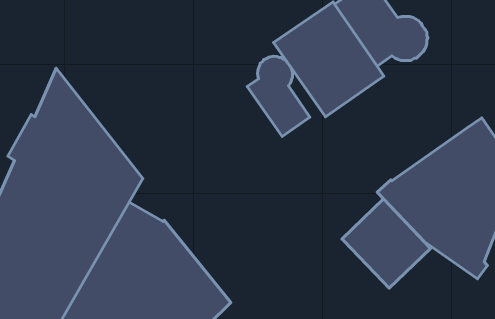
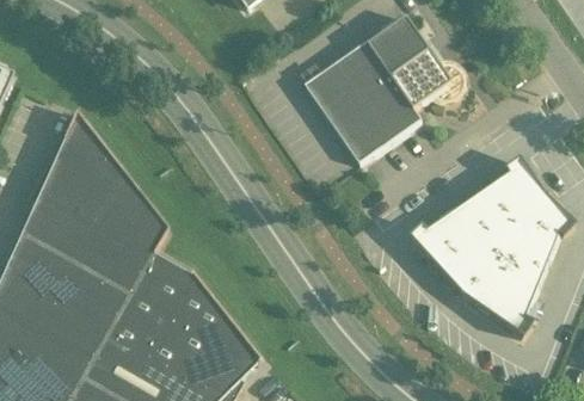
building: [247,56,310,137] -> none
building: [342,199,431,288] -> none

